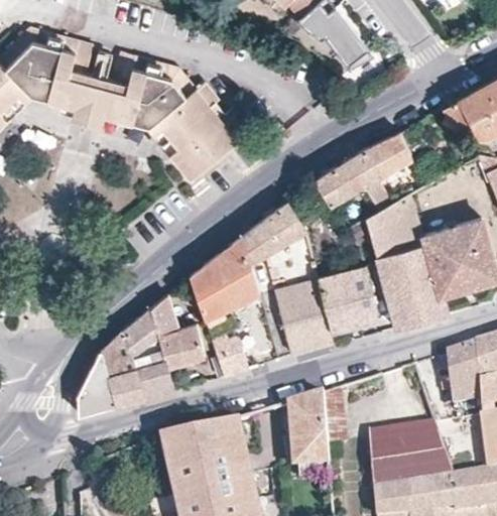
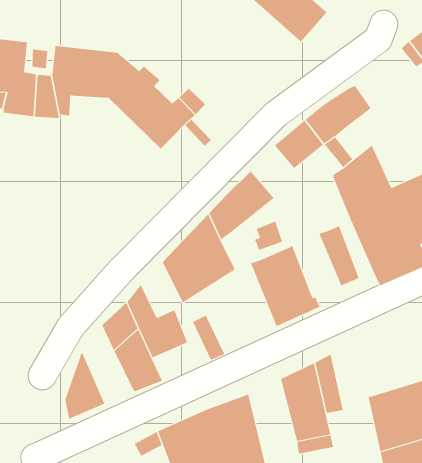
building: [122,106,205,183] -> none
building: [319,271,359,332] -> none
building: [102,330,146,405] -> none

